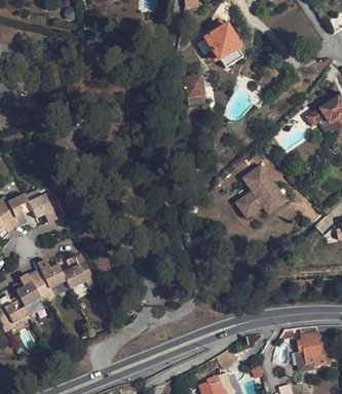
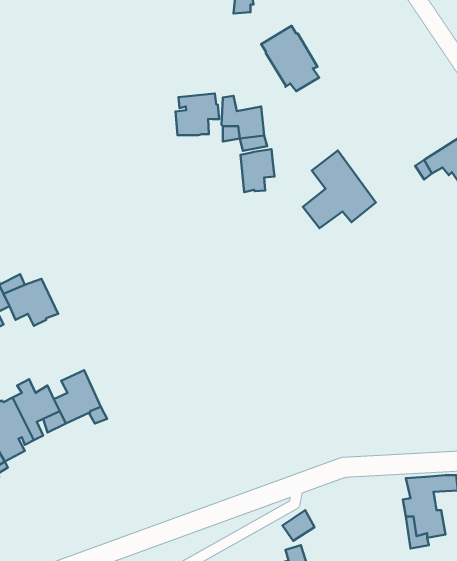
building: none -> [176,93,219,135]
building: none -> [241,149,275,192]
building: [236,166,286,219] -> [303,151,376,228]

